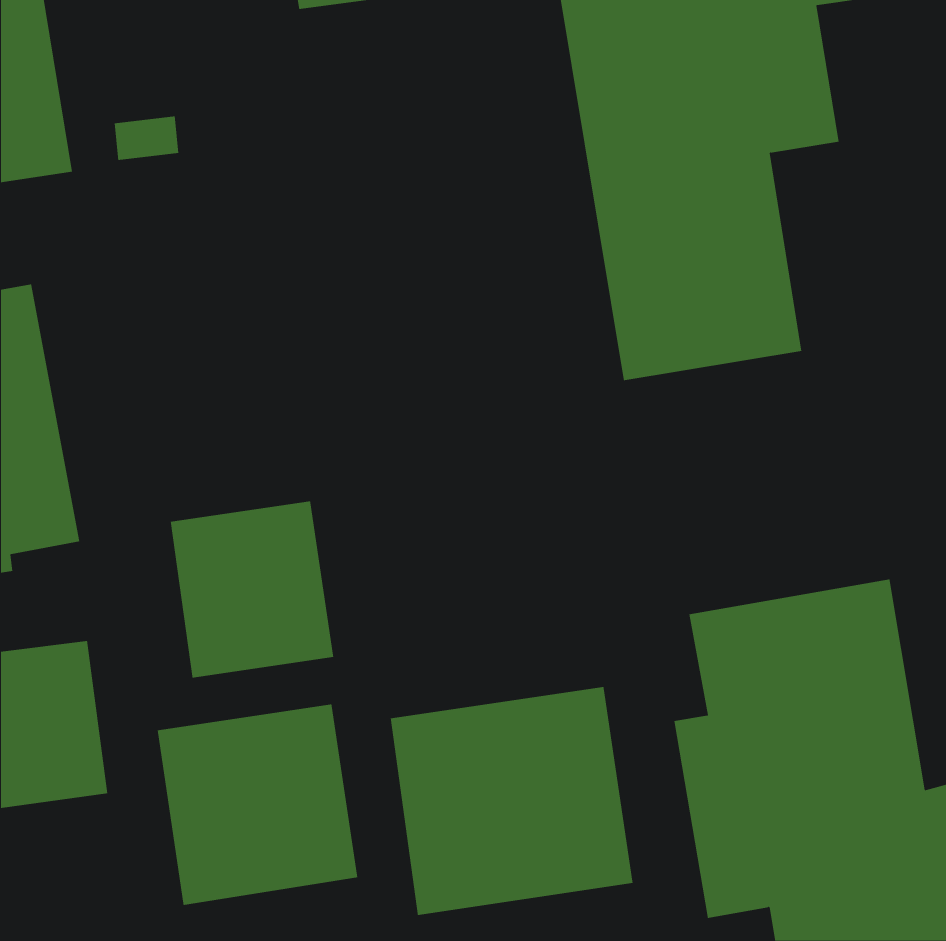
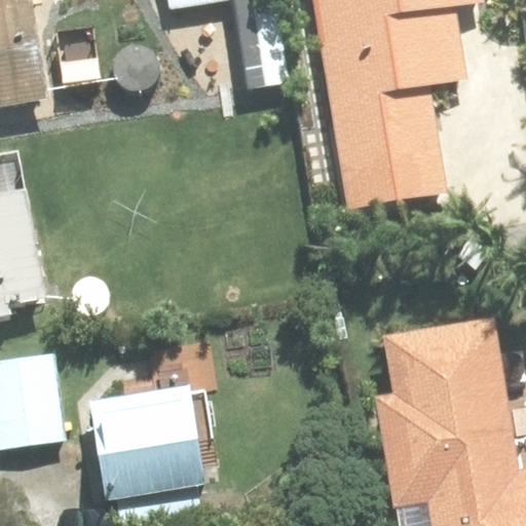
building: [170,500,334,678] -> none
building: [390,686,633,916] -> none

